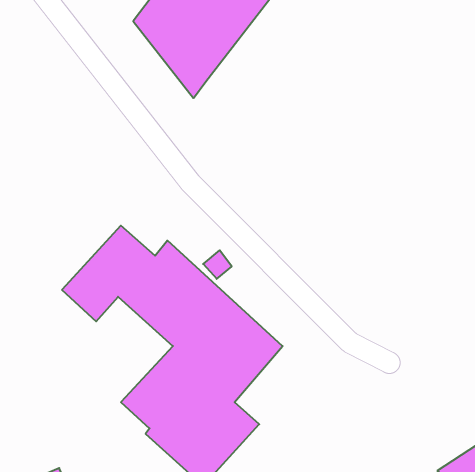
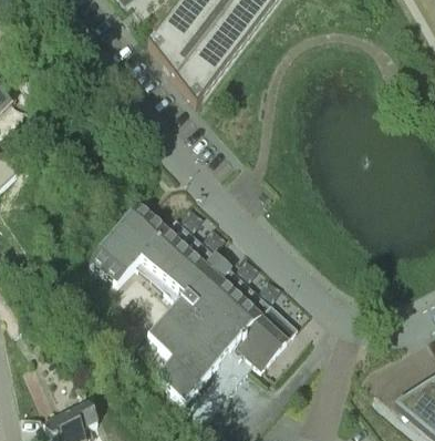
building: none -> [229,304,296,369]

